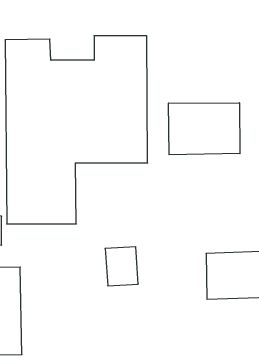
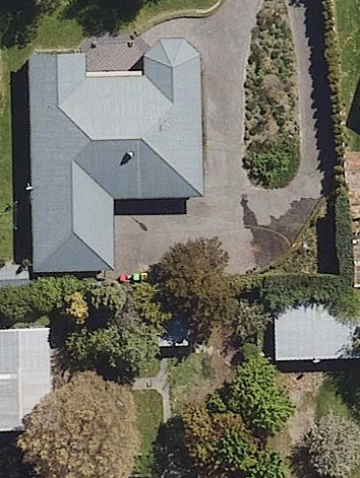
building: [169,103,240,155] -> none

